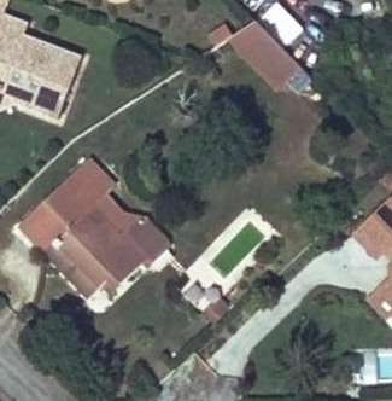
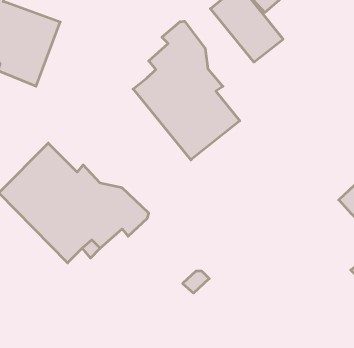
building: none -> [133,21,240,160]
building: [68,153,118,204] -> none

